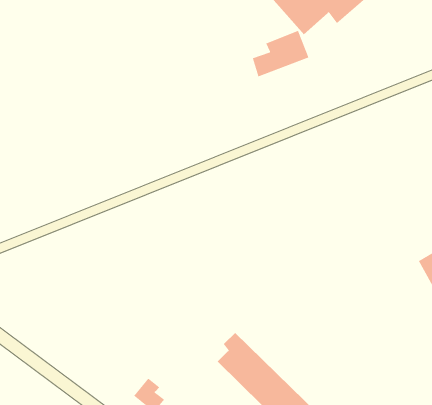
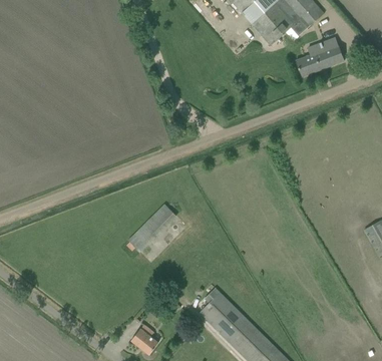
building: [252,30,309,78] -> [297,37,344,76]
building: none -> [130,204,177,250]

